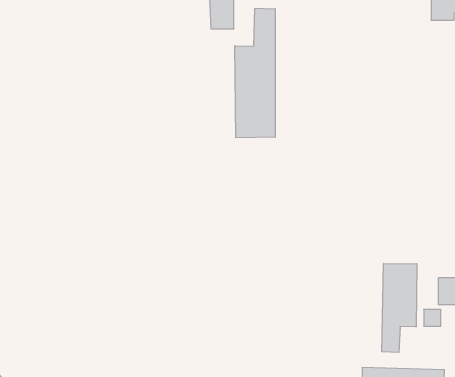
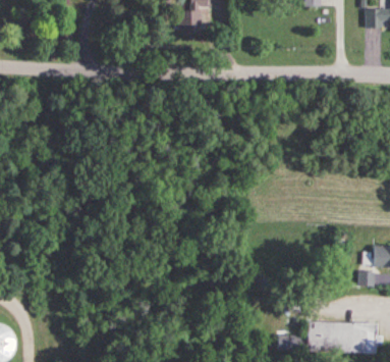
building: [235,8,275,138] -> none
building: [382,263,417,352] -> none

